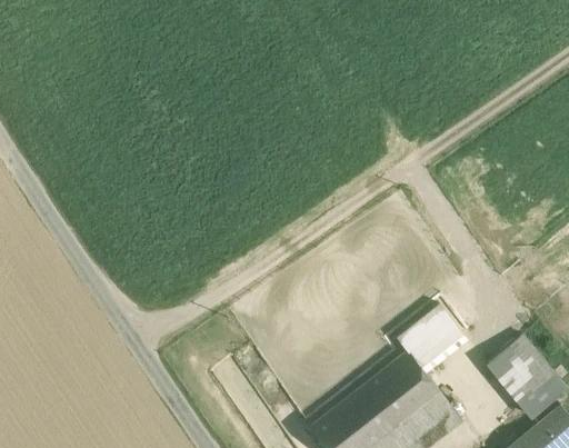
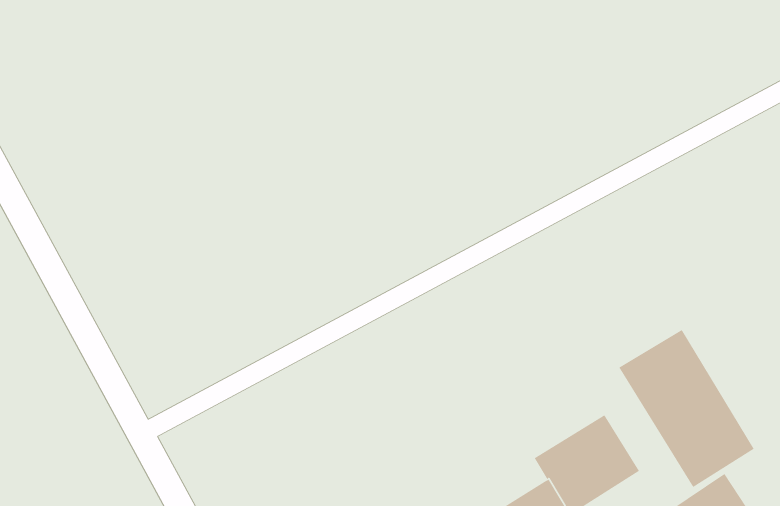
building: none -> [618,329,755,488]

